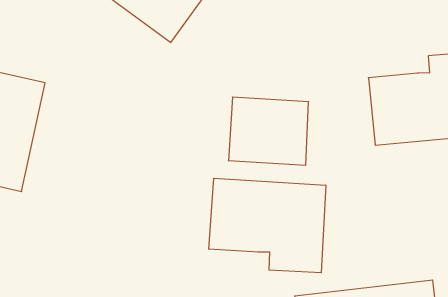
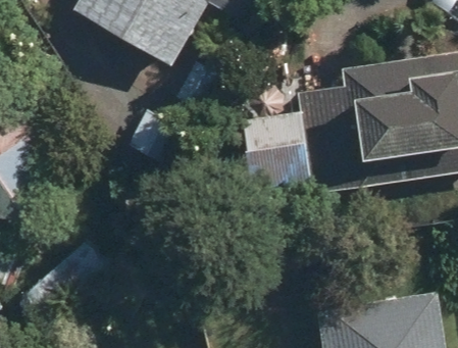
building: [209,178,326,273] -> none

